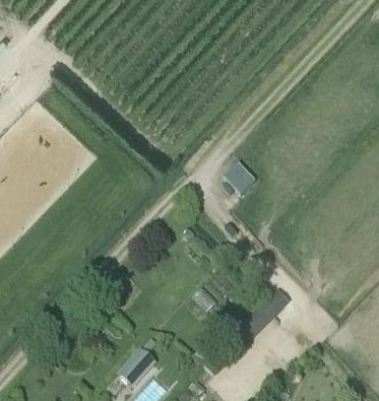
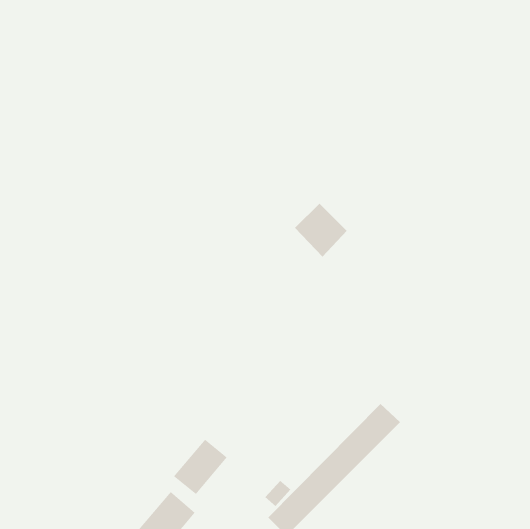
building: none -> [173,439,228,495]

